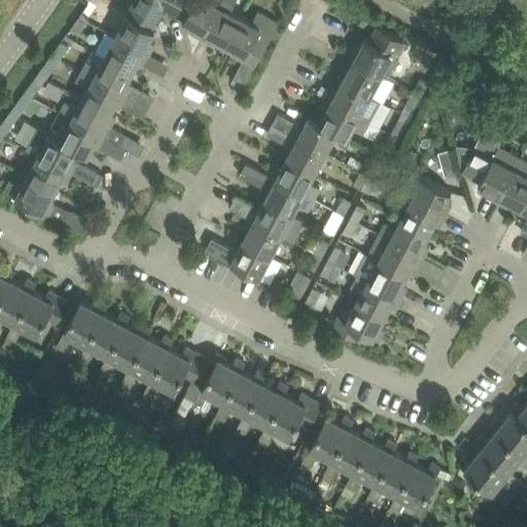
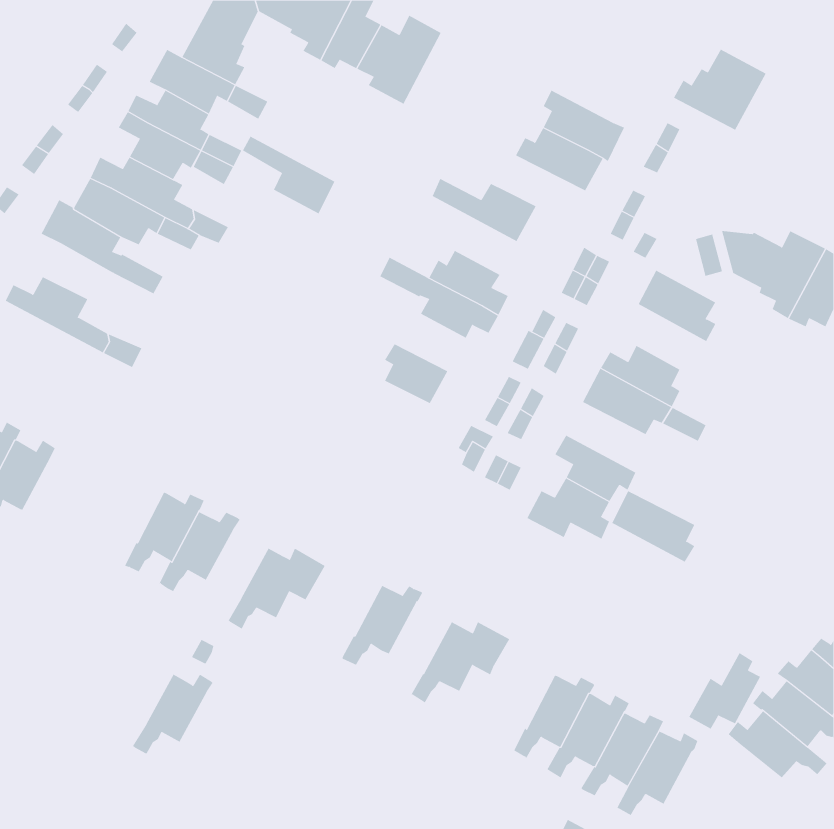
building: [347,30,406,81] -> [673,49,766,131]
building: [319,102,368,139] -> none
building: [267,128,325,177] -> [242,136,335,214]
building: [27,157,71,192] -> none
building: [395,196,445,237] -> none
building: [230,199,303,244] -> none
building: [205,240,281,286] -> none
building: [354,256,407,302] -> [612,491,695,562]
building: [6,292,69,344] -> none
building: [57,303,107,353] -> none
building: [121,338,173,388] -> [132,674,214,754]
building: [192,360,244,412] -> none
building: [237,383,288,434] -> none
building: none -> [688,652,761,730]
building: [301,418,353,469] -> none

